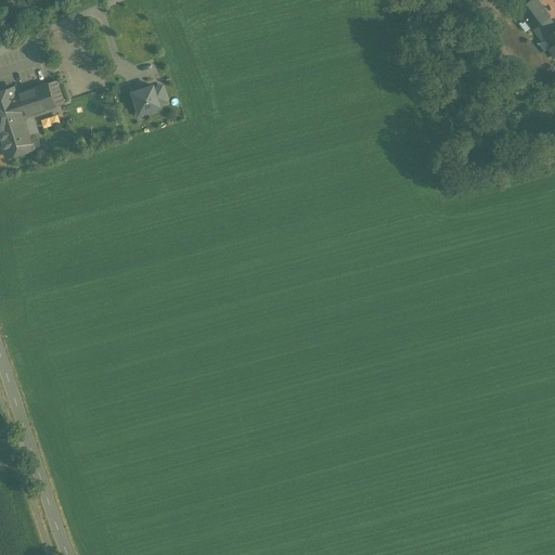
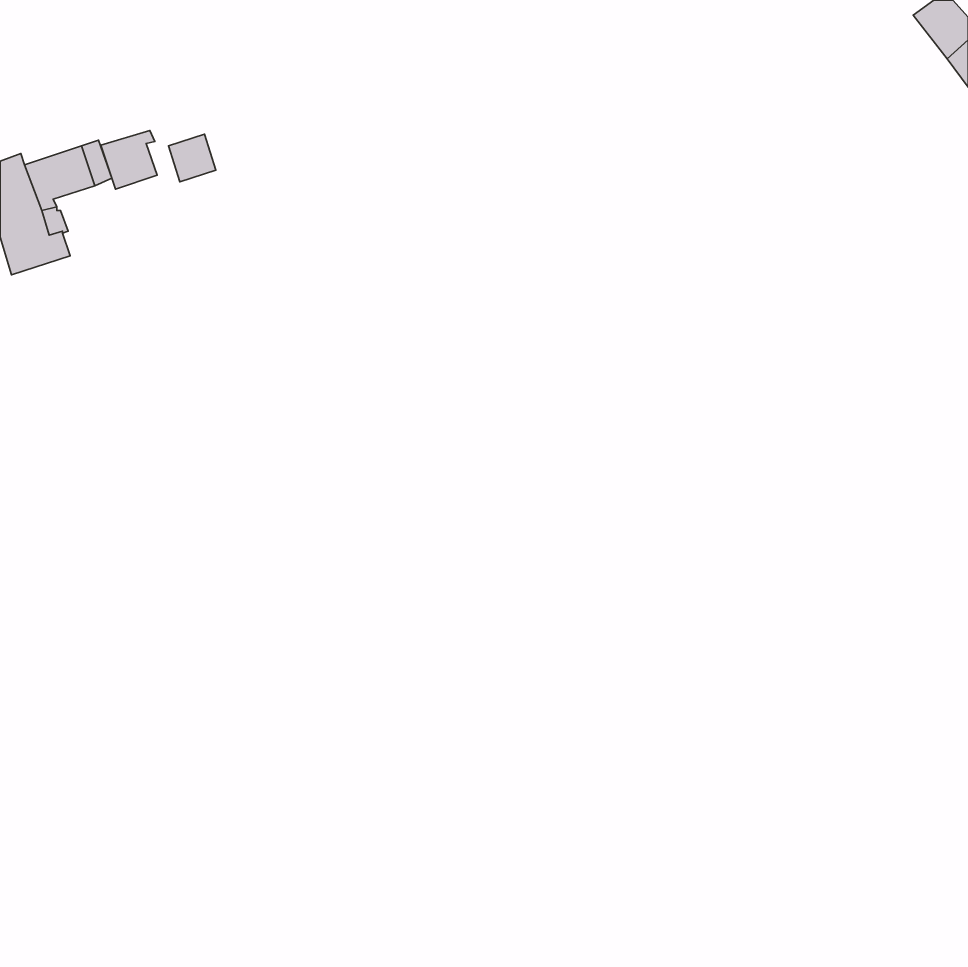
building: none -> [101,130,157,189]
building: [132,87,159,114] -> [168,134,216,182]

